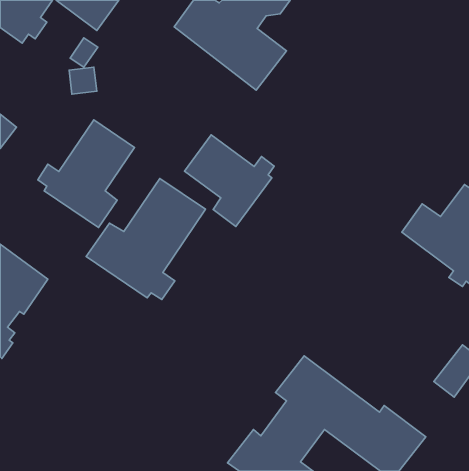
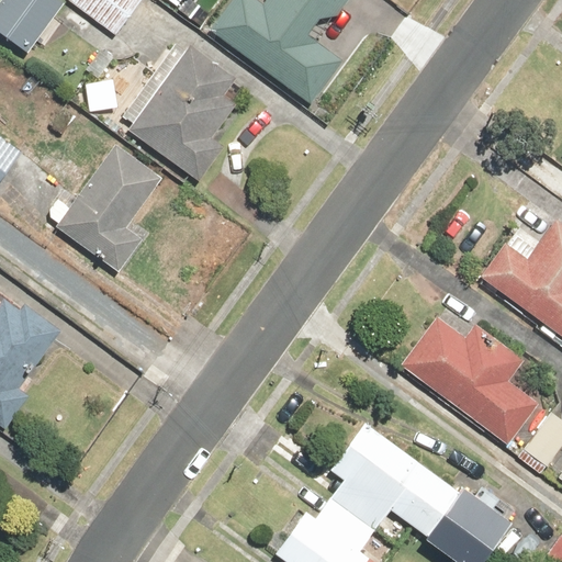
building: none -> [123,45,237,182]
building: [185,135,274,226] -> none
building: [86,178,206,300] -> none
building: none -> [403,318,539,445]

